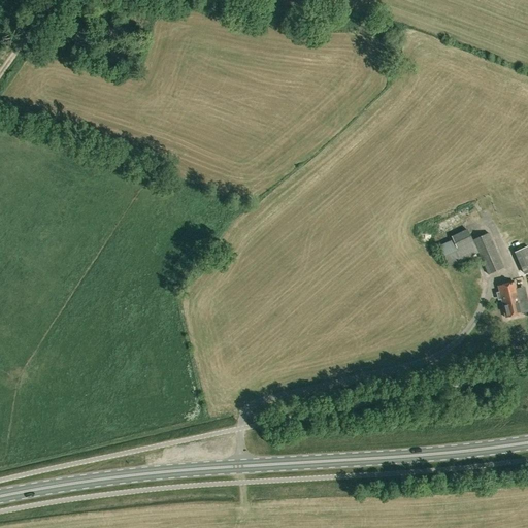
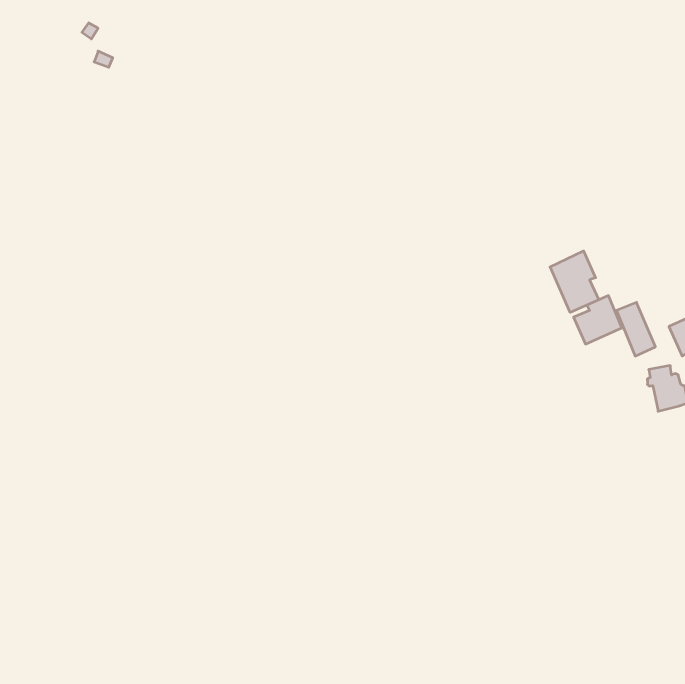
building: none -> [550,251,599,312]

